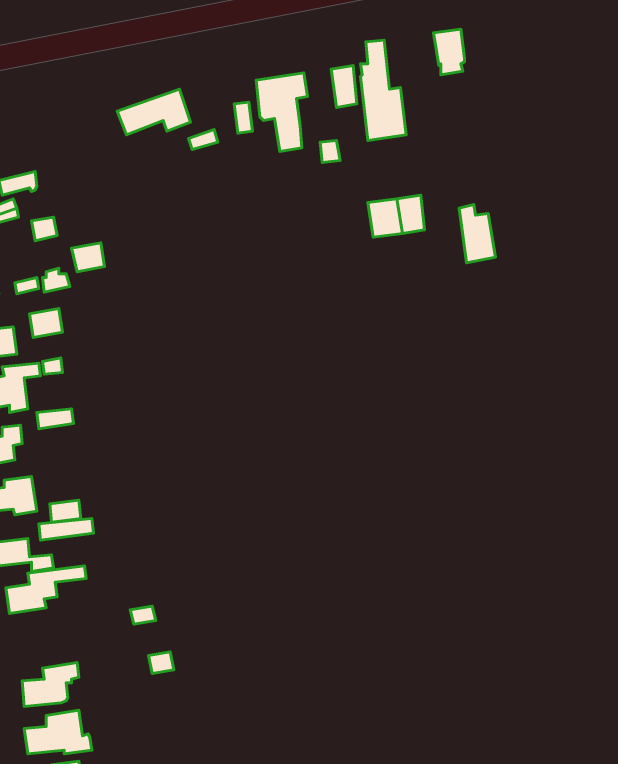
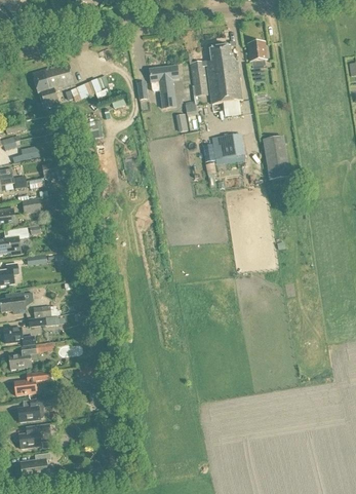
building: none -> [221,44,242,100]
building: none -> [32,63,74,106]
building: none -> [13,370,49,395]

